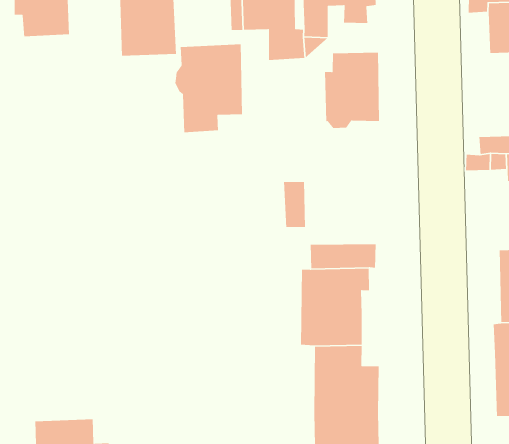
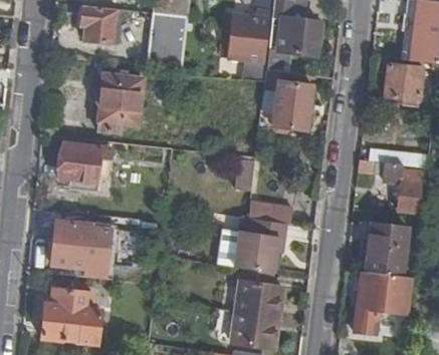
building: [174,44,243,133] -> [96,74,144,132]
building: none -> [60,142,113,191]
building: none -> [51,221,111,279]

